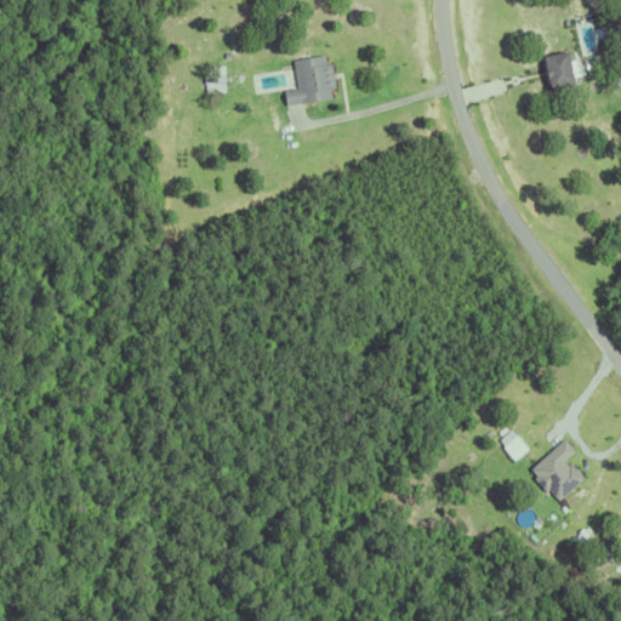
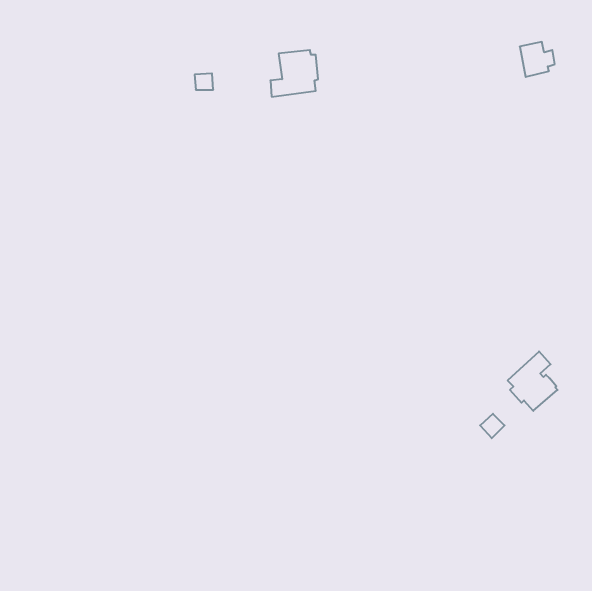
building: [531,439,583,501] -> [508,351,558,411]

